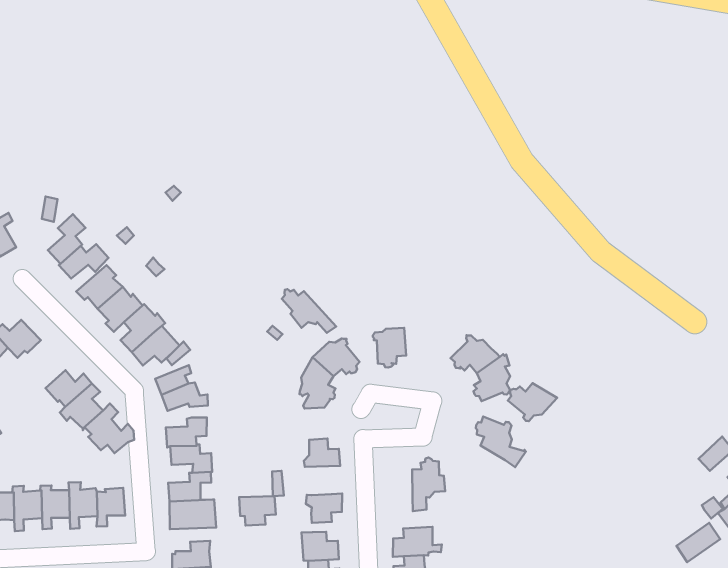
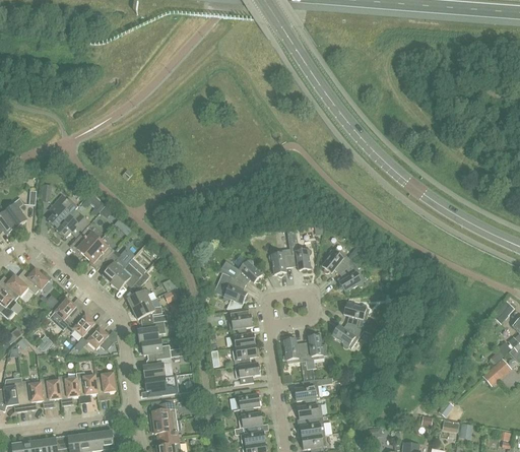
building: [282,289,336,333] -> none
building: none -> [288,246,310,272]
building: [508,383,557,421] -> [331,321,364,346]
building: none -> [229,307,252,329]
building: none -> [283,336,305,362]
building: [239,496,276,525] -> [232,343,257,365]

